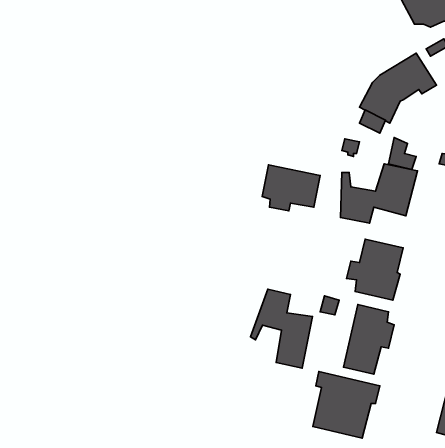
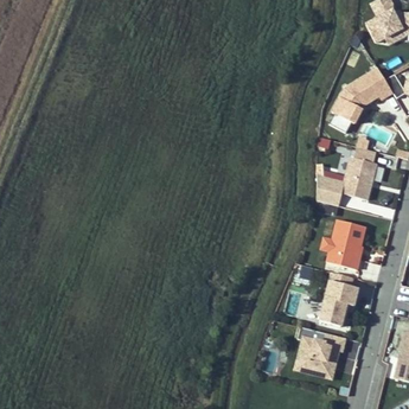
building: [262,165,320,211] -> none
building: [251,289,313,368] -> none

